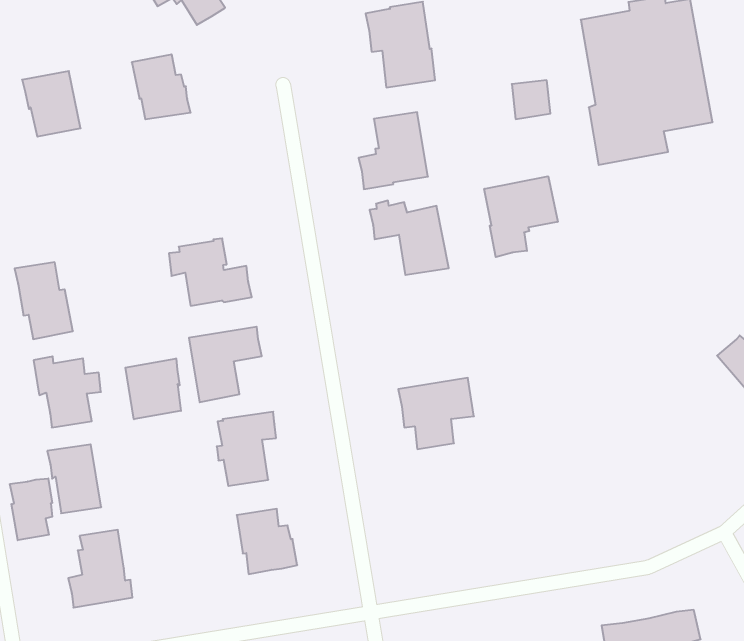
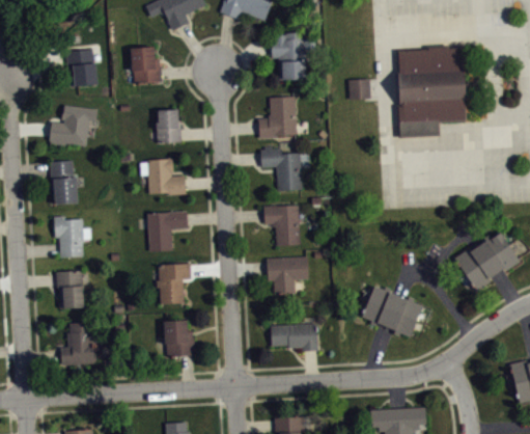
building: none -> [156,110,182,144]
building: [484,176,558,257] -> none
building: none -> [52,112,101,154]
building: none -> [263,206,302,246]
building: [125,358,181,419] -> none
building: none -> [361,284,422,336]
building: [10,478,52,540] -> none
building: none -> [270,322,318,350]

